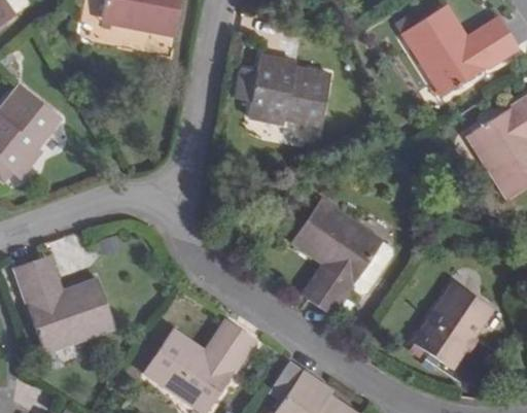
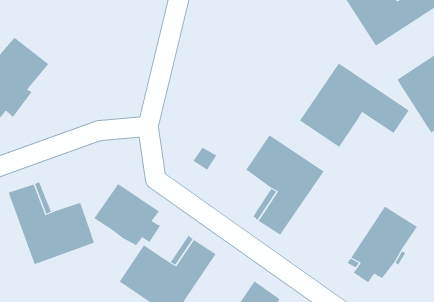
building: [247,57,331,127] -> none
building: none -> [299,62,409,148]
building: none -> [94,183,161,246]

